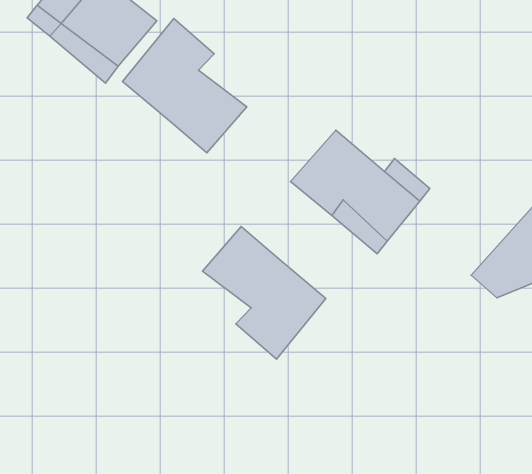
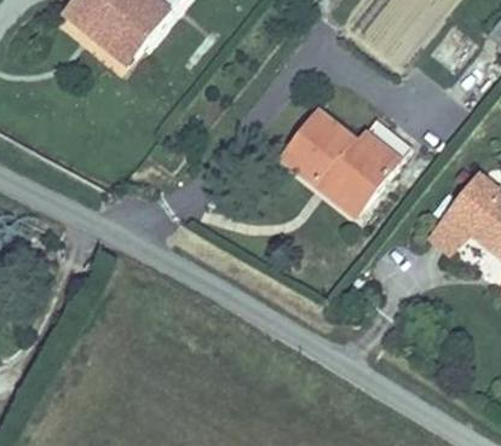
building: [122,18,247,153] -> none
building: [202,227,326,359] -> none

